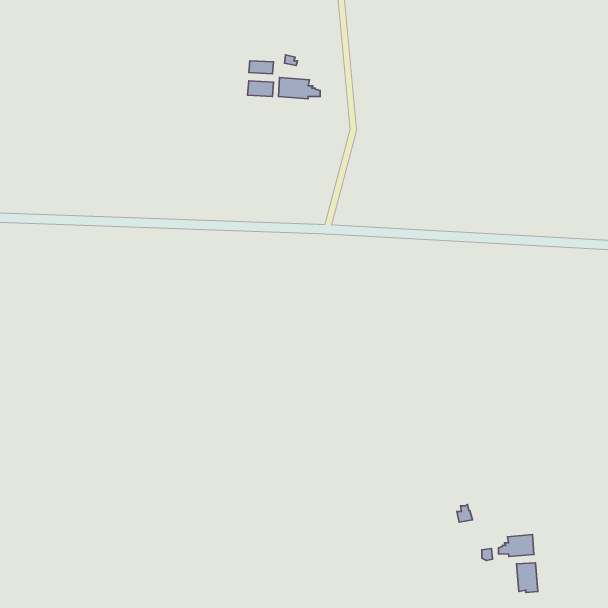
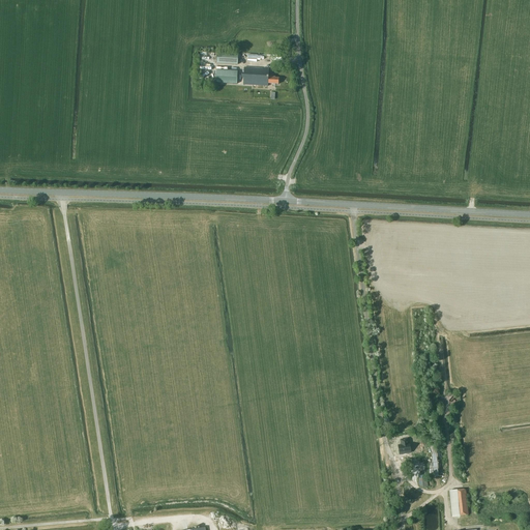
building: [498,535,534,557] -> none

